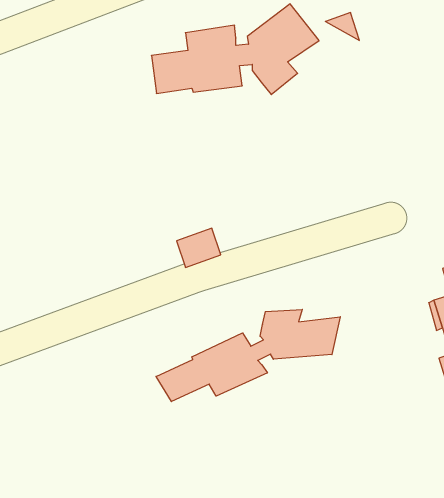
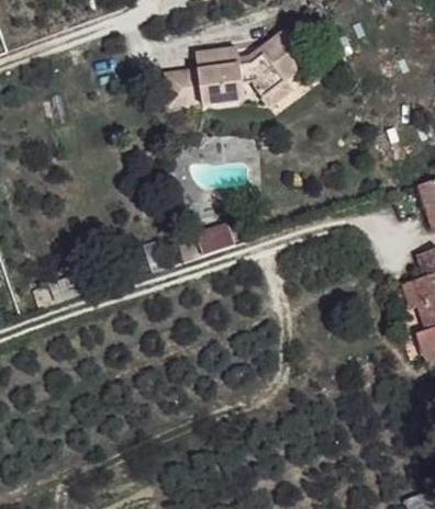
building: [156,309,340,402] -> none

